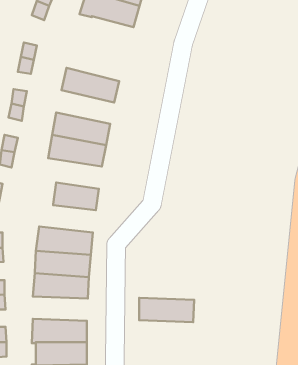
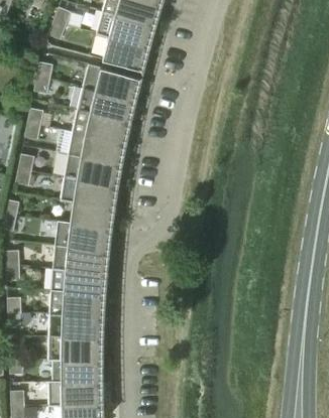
building: none -> [101,36,148,71]
building: none -> [82,64,140,101]
building: none -> [72,110,129,143]
building: none -> [60,177,117,207]
building: none -> [54,222,111,251]
building: [139,298,194,322] -> [48,314,103,338]

